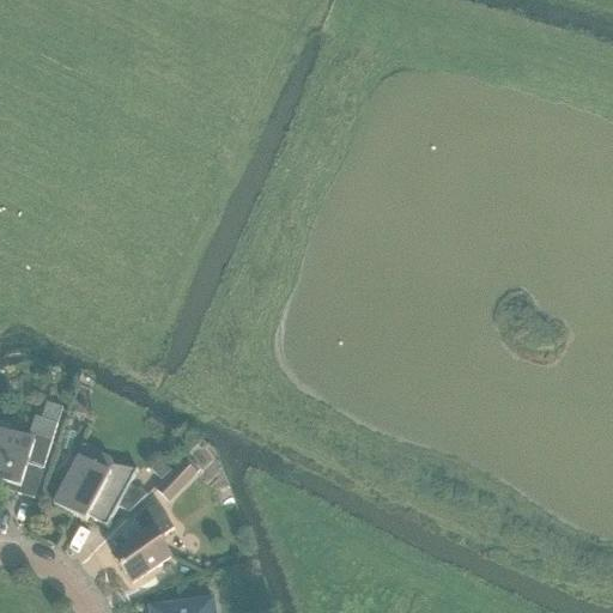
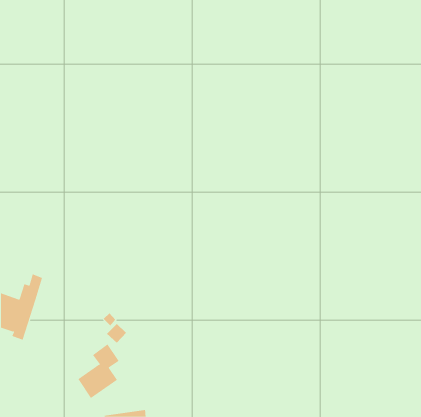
building: [54,454,147,523] -> none

